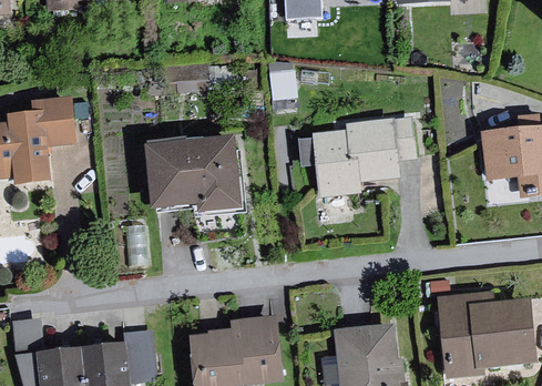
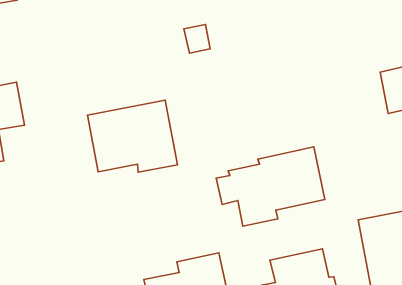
building: [296,116,413,195] -> [216,147,325,226]

